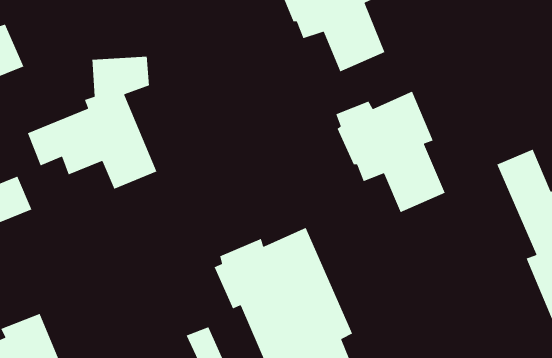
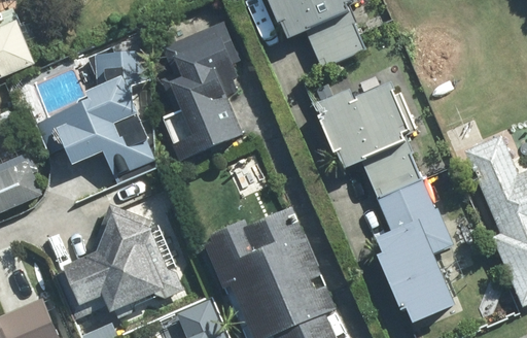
building: none -> [163,24,239,159]
building: none -> [378,179,454,324]
building: none -> [61,207,170,312]

